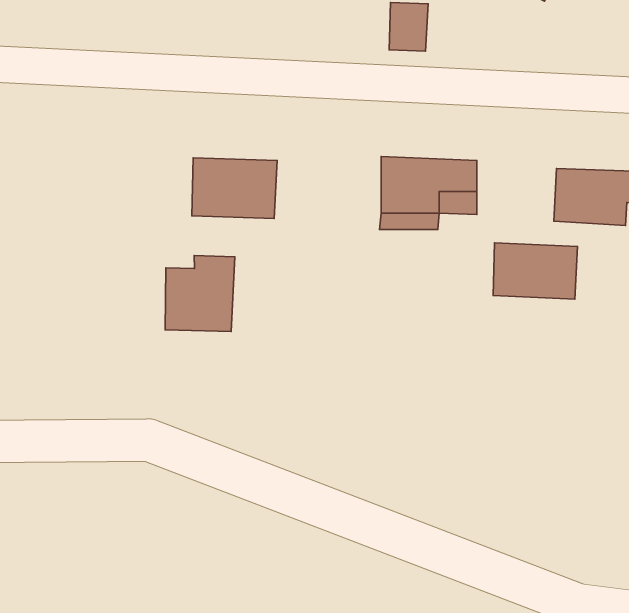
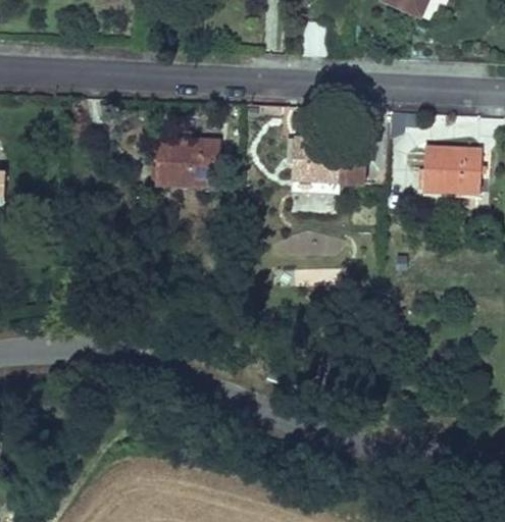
building: [493,243,577,299] -> none
building: [165,256,235,332] -> none

